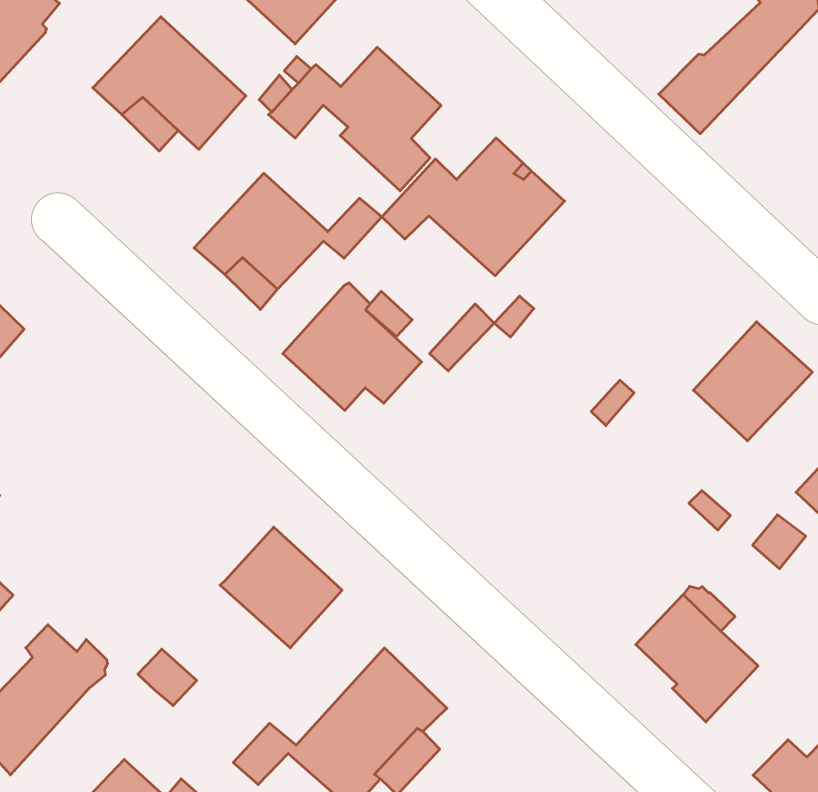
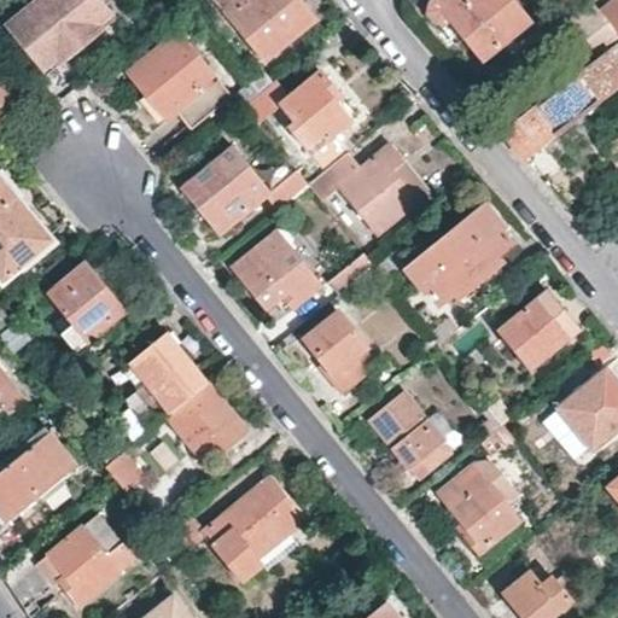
building: none -> [403,203,514,305]
building: none -> [47,264,124,351]
building: none -> [302,311,377,391]
building: none -> [128,334,206,414]
building: none -> [368,391,450,471]

